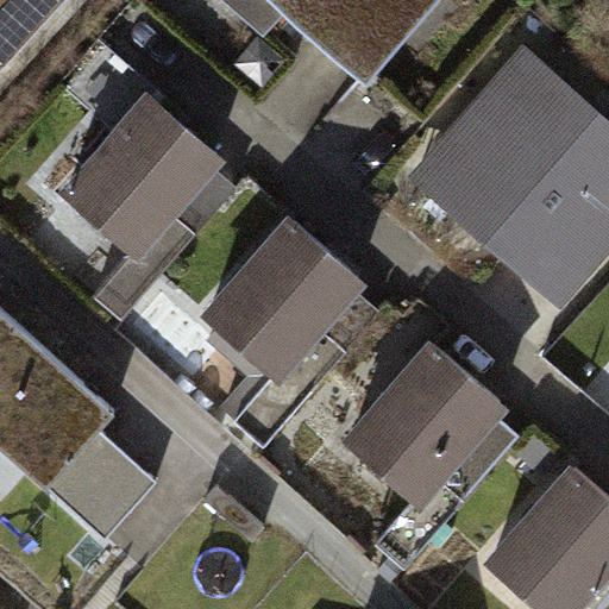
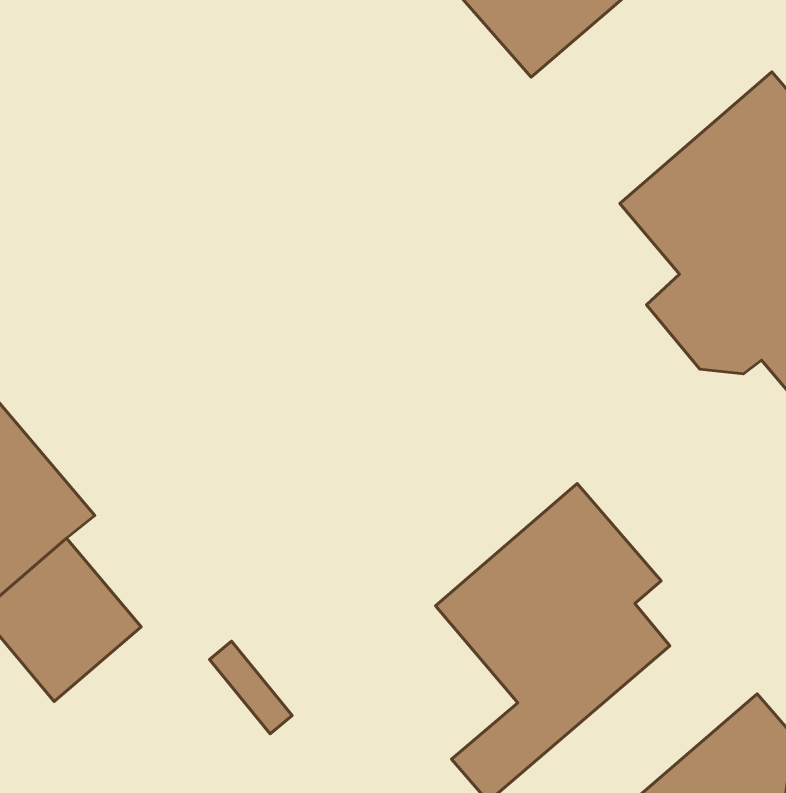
building: [64,98,213,250] -> none
building: [206,220,356,373] -> none

